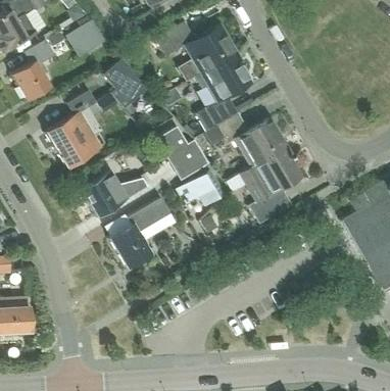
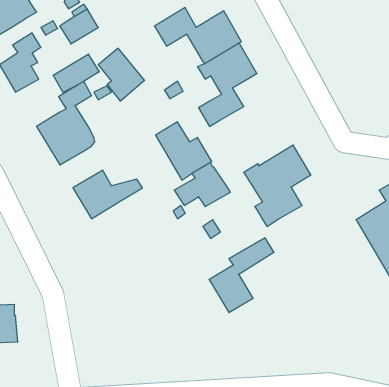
building: none -> [53,54,99,93]
building: [205,113,289,168] -> none
building: [110,199,170,268] -> [209,238,274,313]

